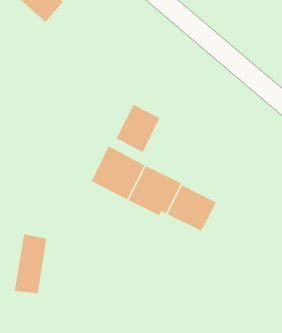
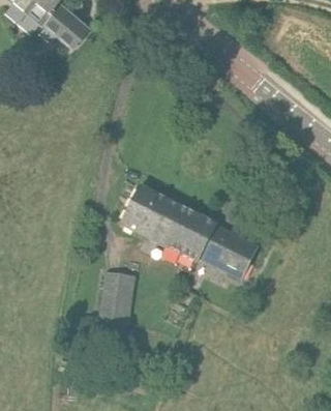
building: [115,104,160,153] -> none
building: [14,234,47,294] -> [97,270,133,336]

